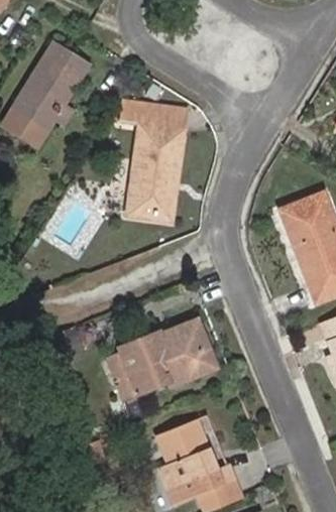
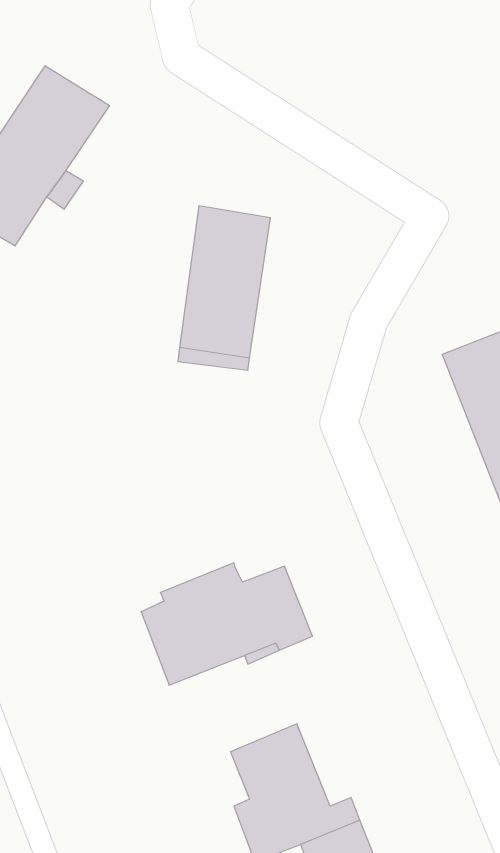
building: [141,102,185,131] -> none
building: [162,318,217,372] -> none

